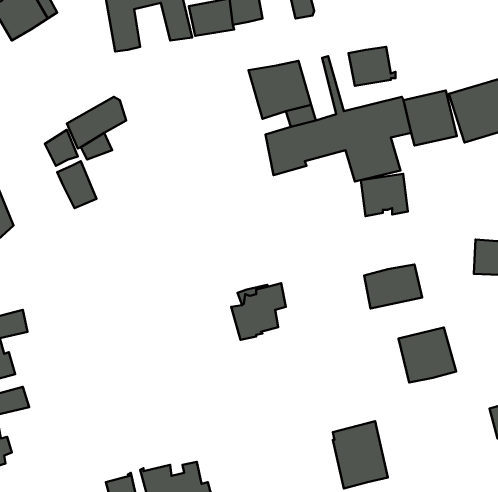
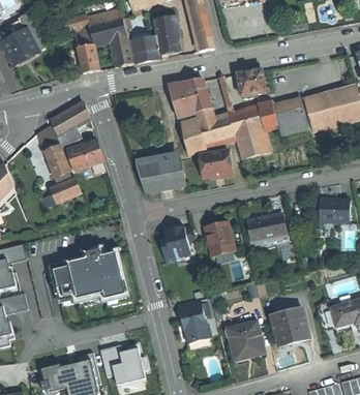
building: none -> [66,140,102,171]
building: [361,174,408,216] -> [200,150,231,178]
building: none -> [138,157,184,192]
building: none -> [41,172,90,207]
building: none -> [205,221,235,254]
building: none -> [51,242,130,307]
building: [398,328,456,382] -> [269,309,307,345]
building: none -> [180,299,210,341]

